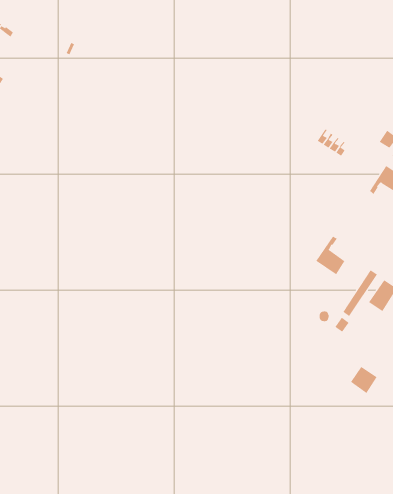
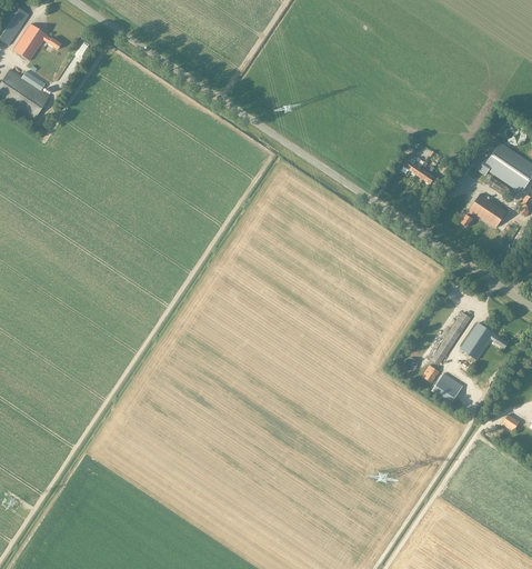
building: [315,236,345,275] -> none
building: [350,366,378,394] -> [432,372,463,403]

